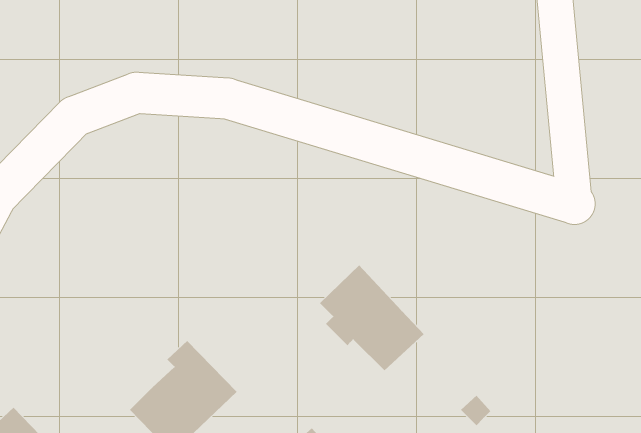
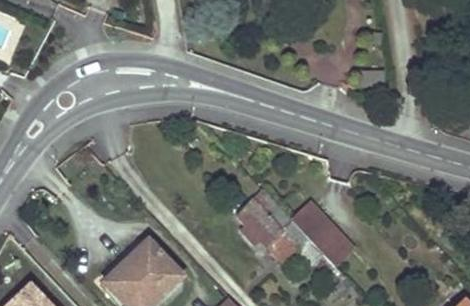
building: none -> [293,202,353,263]

